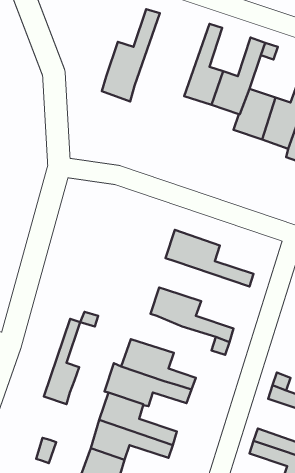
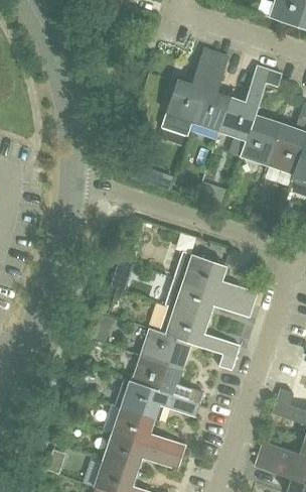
building: [102,9,160,102] -> [161,48,216,137]
building: none -> [165,277,255,319]
building: none -> [141,328,190,368]
building: [44,319,80,404] -> none

